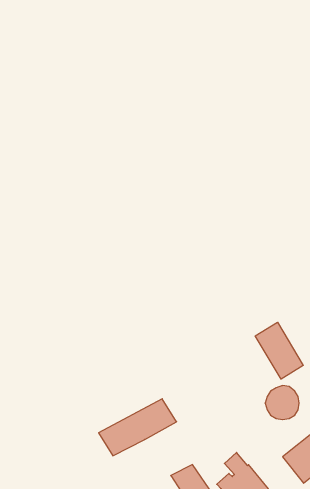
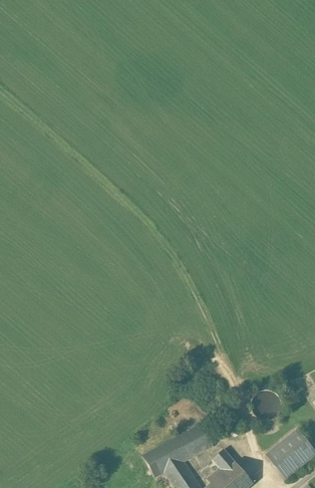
building: [255,322,303,379] -> none
building: [99,399,177,456] -> [142,424,214,476]

